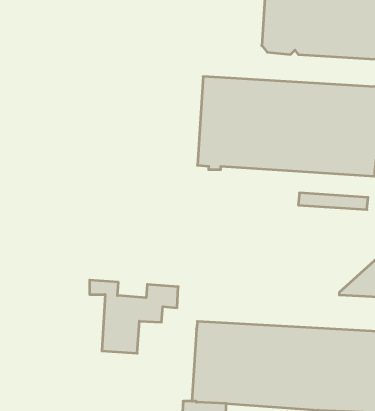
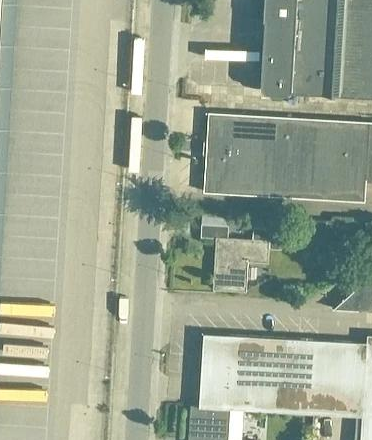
building: [90,280,178,353] -> [202,225,282,291]

